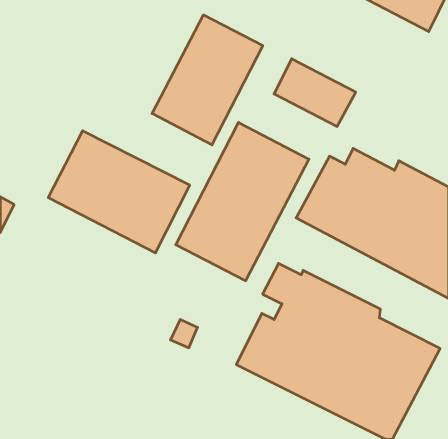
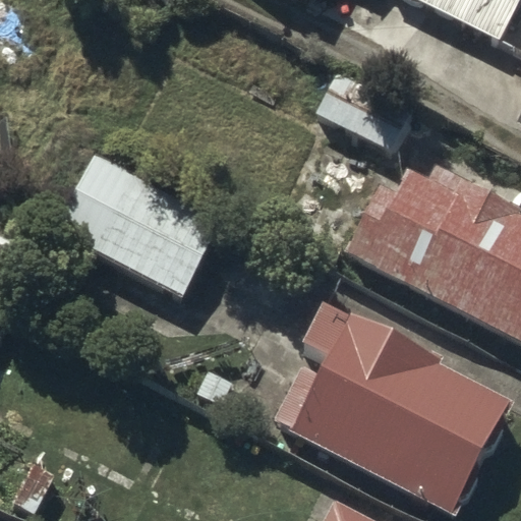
building: [152,15,263,145] -> none
building: [176,122,309,281] -> none

